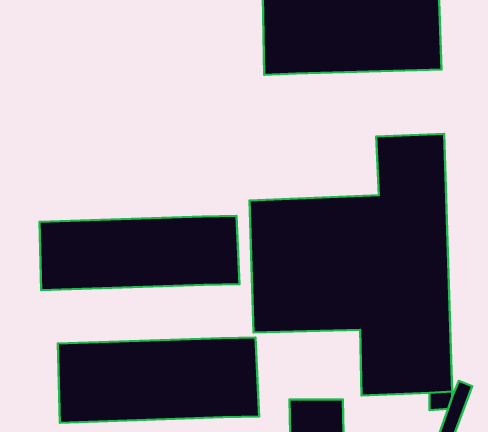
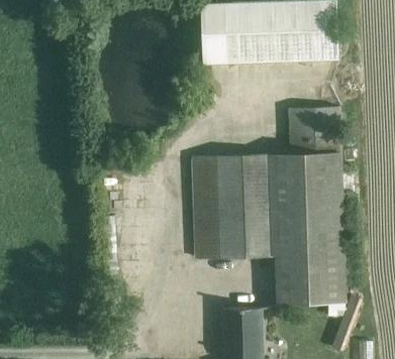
building: [39,216,240,290] -> none
building: [58,337,259,423] -> none

